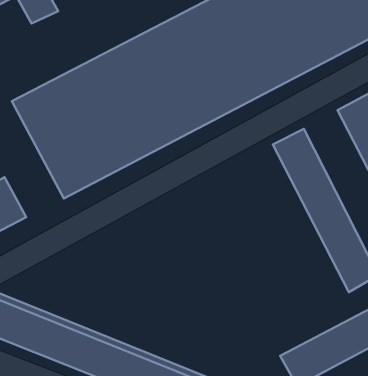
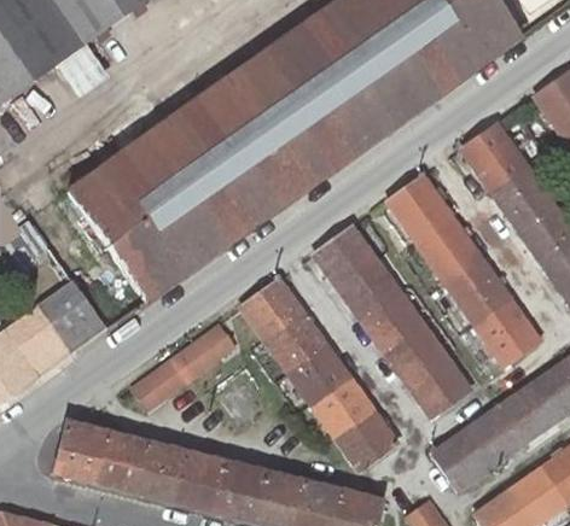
building: none -> [315,228,469,417]
building: none -> [243,280,396,469]
building: none -> [134,325,234,408]

